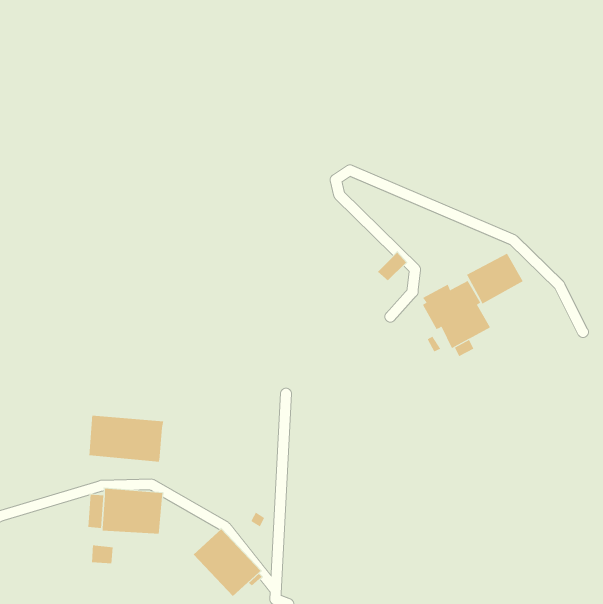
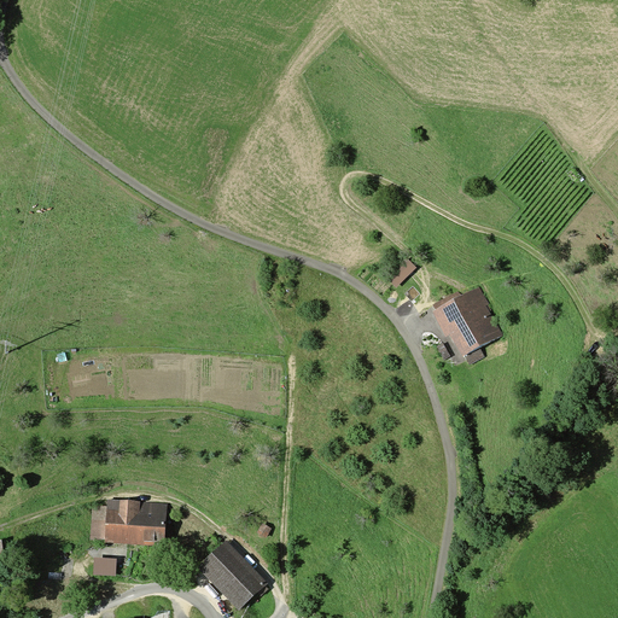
building: [466,253,523,305] -> none
building: [89,415,164,462] -> none

